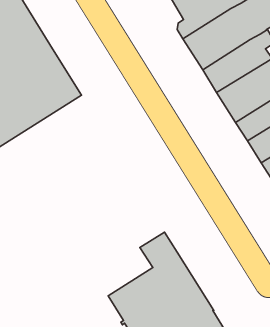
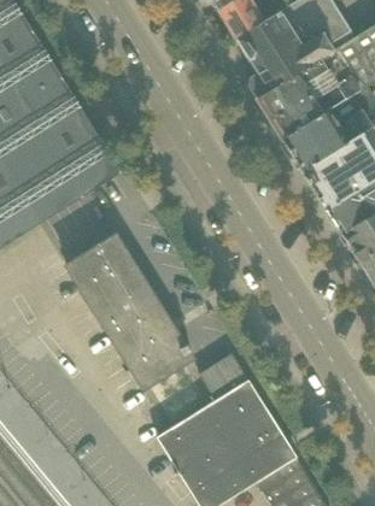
building: none -> [66,235,193,389]

